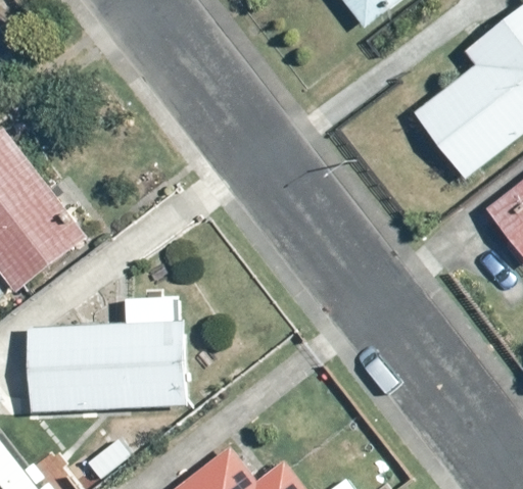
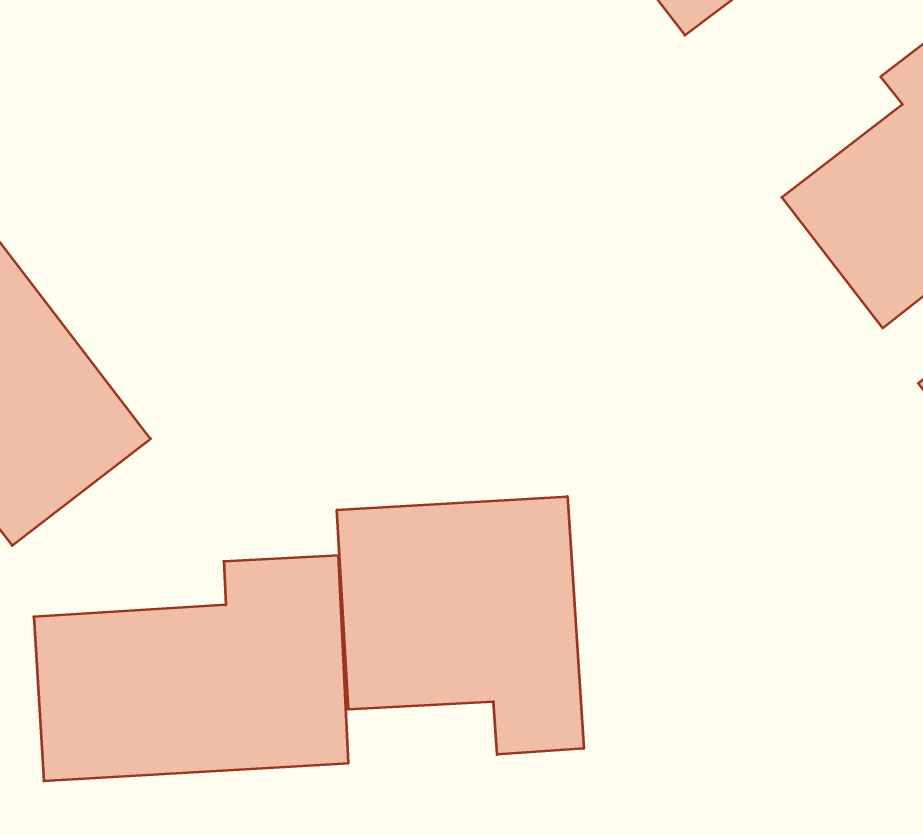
building: none -> [337,496,584,755]

